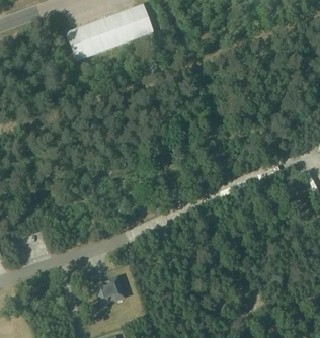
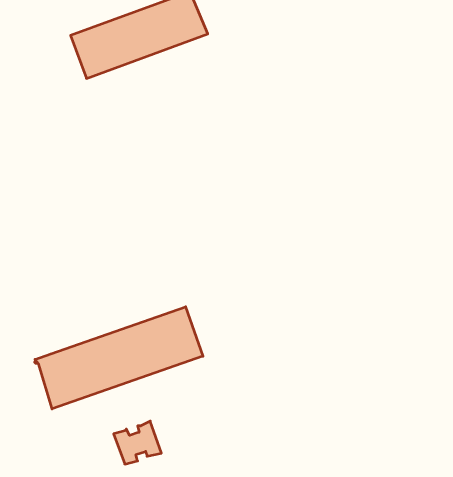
building: none -> [35,307,203,409]

